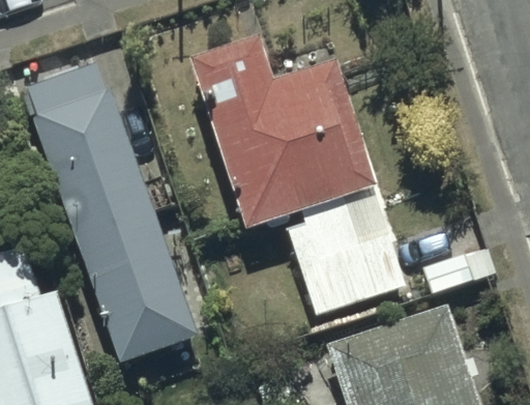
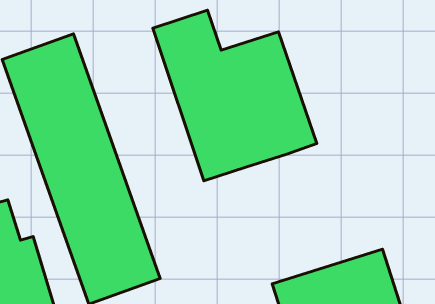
building: [288,196,407,319] -> none

